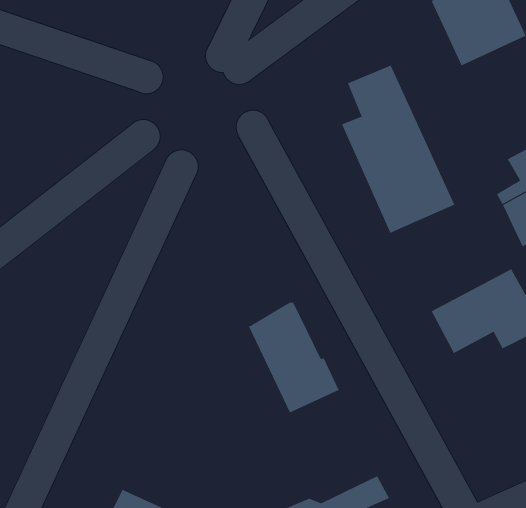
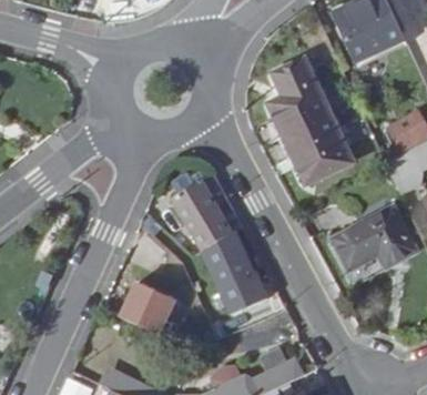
building: none -> [173,174,231,249]
building: none -> [121,280,177,336]

